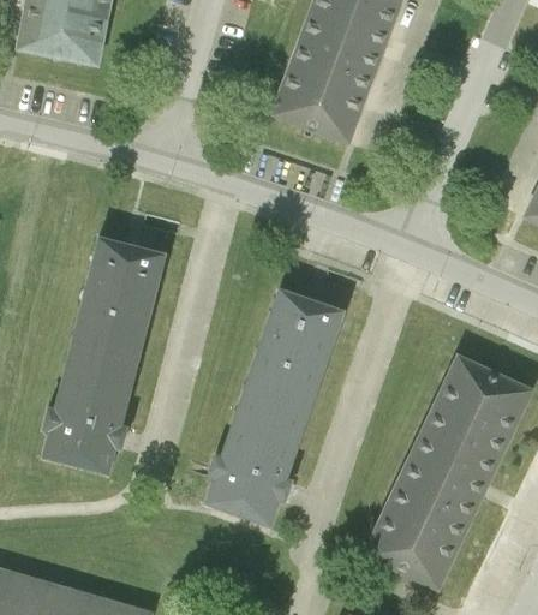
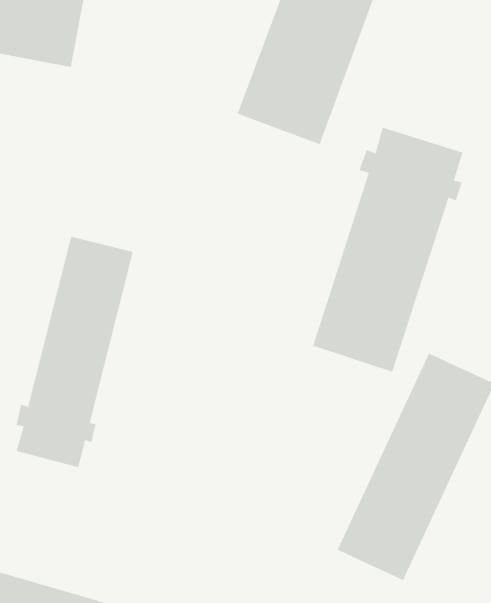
building: none -> [312,127,463,372]
building: [203,281,343,525] -> none

